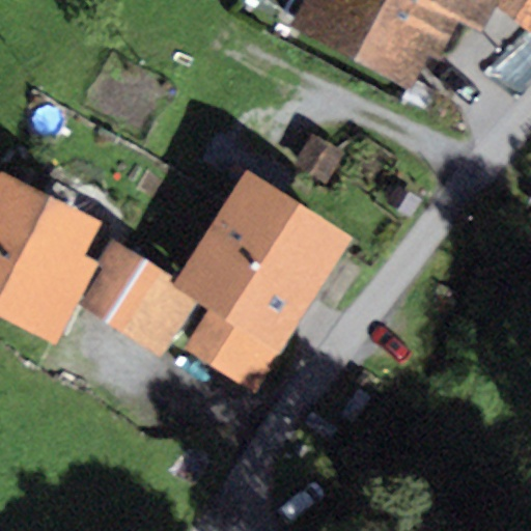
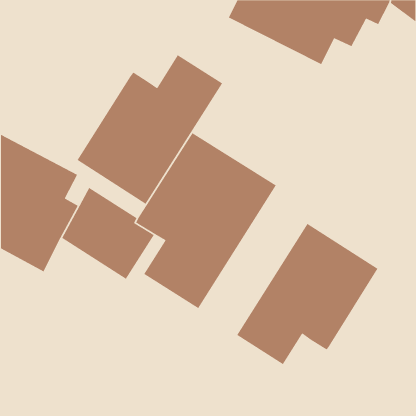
building: none -> [77,54,223,205]
building: none -> [236,223,379,365]

